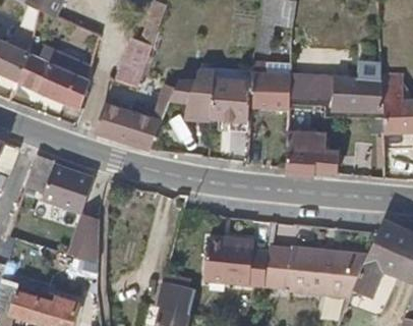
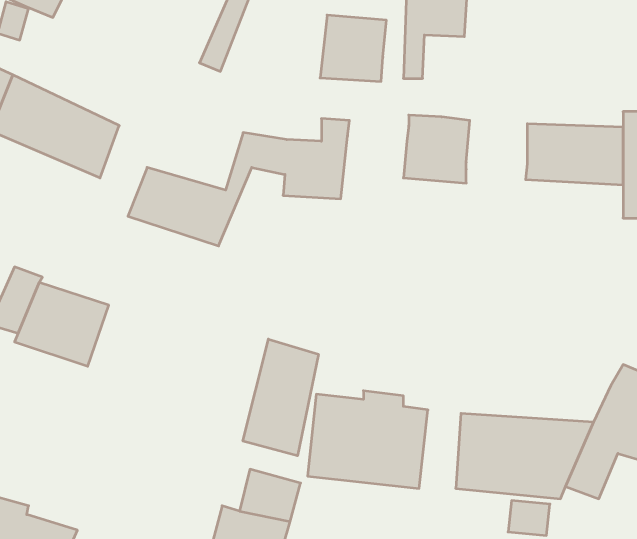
building: [114,39,150,88] -> none
building: [293,75,329,101] -> none
building: [220,85,258,123] -> [320,15,386,81]
building: [289,128,343,178] -> none
building: none -> [243,339,318,456]
building: [77,212,101,257] -> none
building: [265,244,290,290] -> none

